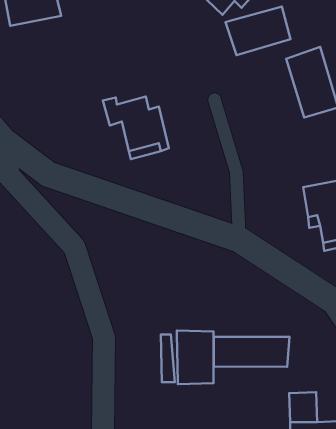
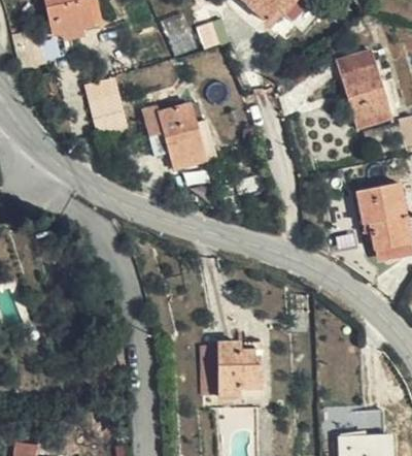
building: [226,7,290,55] -> none
building: none -> [85,76,123,129]
building: [214,337,290,367] -> none

